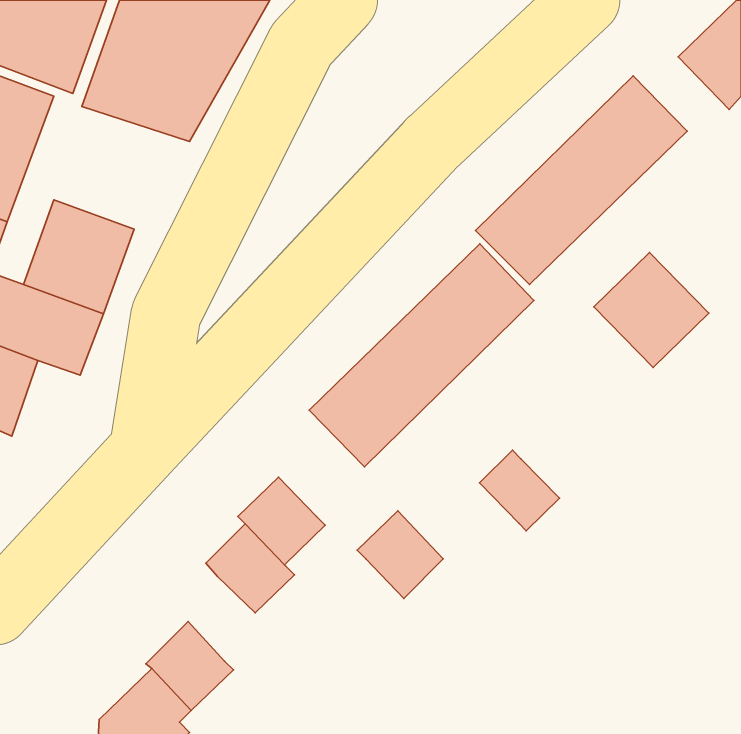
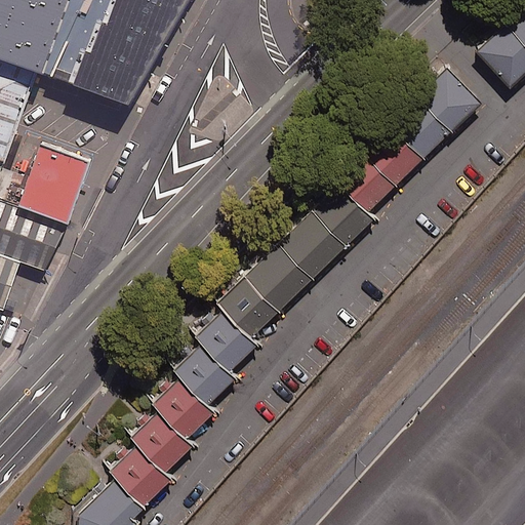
building: [594,253,709,367] -> none
building: [479,450,559,531] -> none
building: [357,511,443,598] -> [190,310,250,371]
building: none -> [126,413,186,473]

